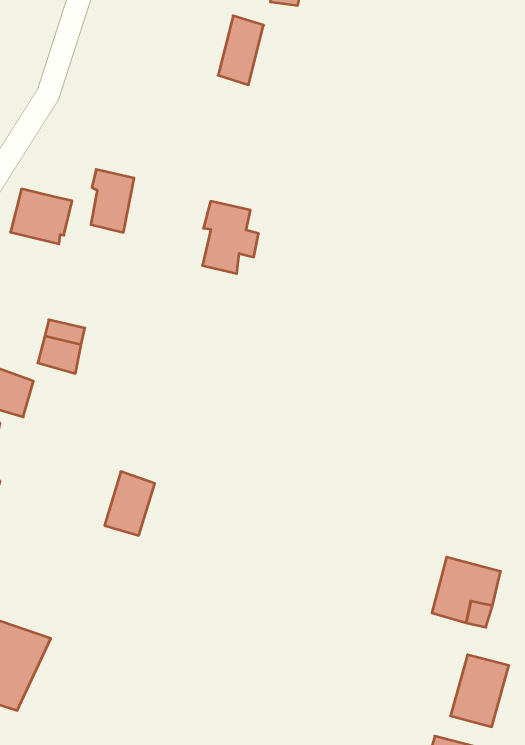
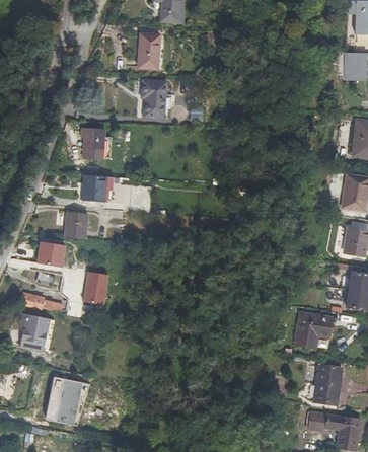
building: [10,189,72,244] -> [82,173,114,201]
building: [202,201,259,274] -> [144,80,174,118]
building: [105,472,155,535] -> [81,271,105,304]

